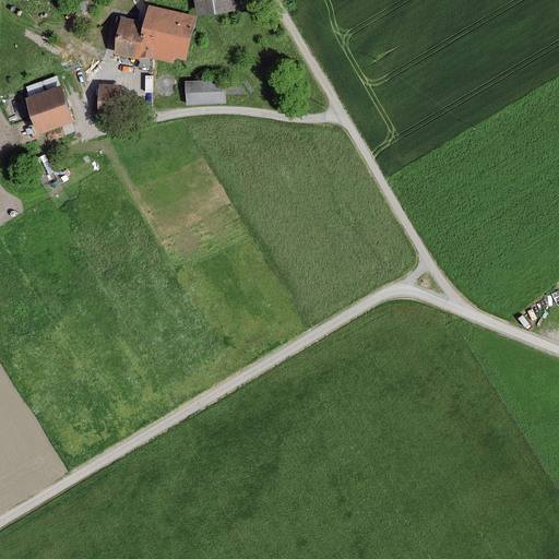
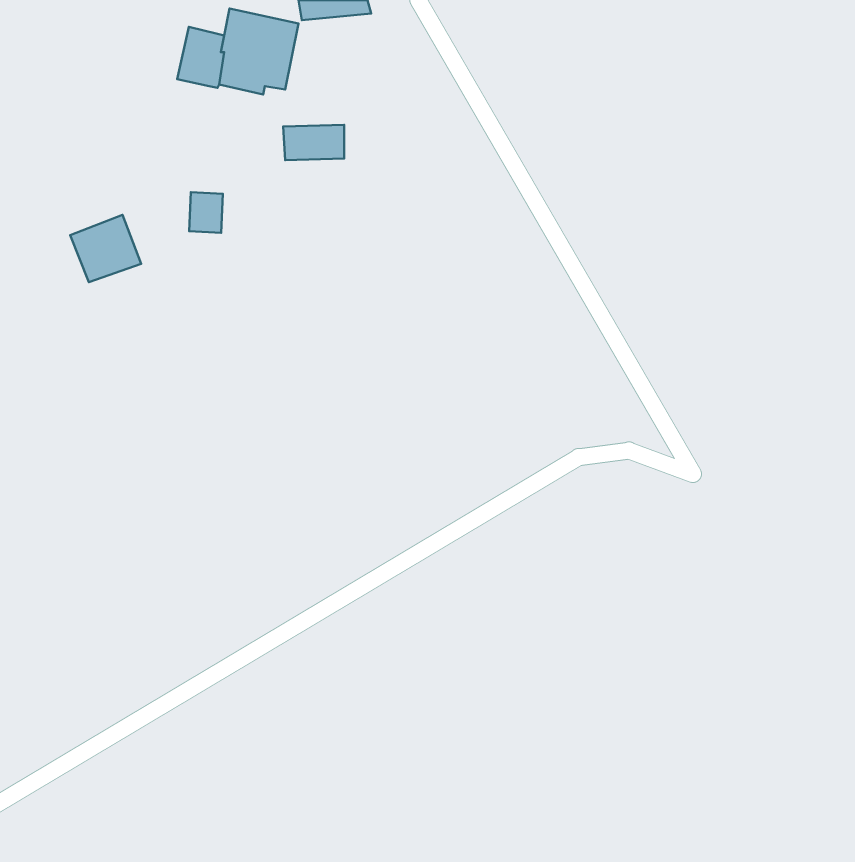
building: [25,85,71,129] -> [70,215,141,282]
building: [96,85,118,111] -> [189,192,223,233]

